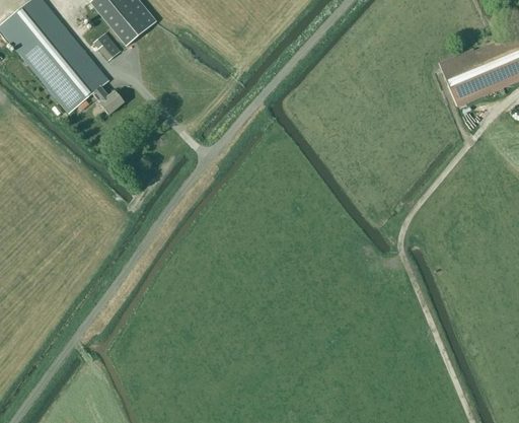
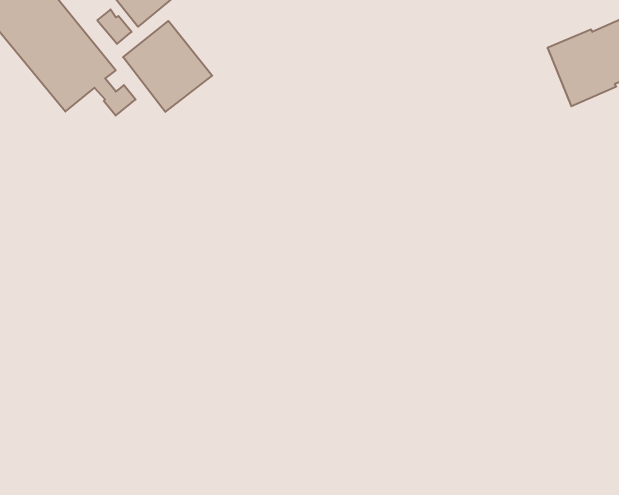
building: none -> [123,21,212,112]

